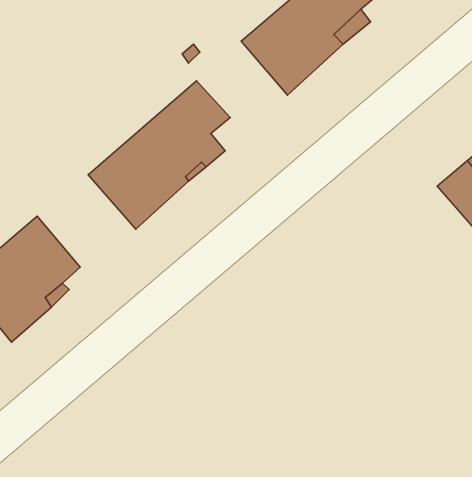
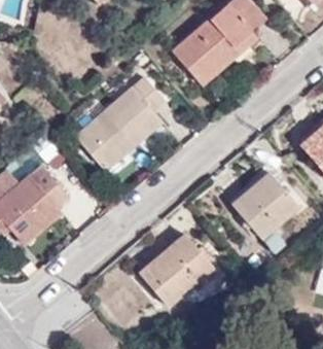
building: none -> [232,172,298,237]
building: none -> [139,234,213,306]

